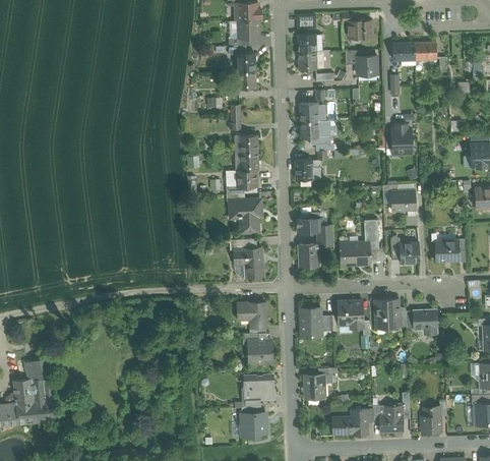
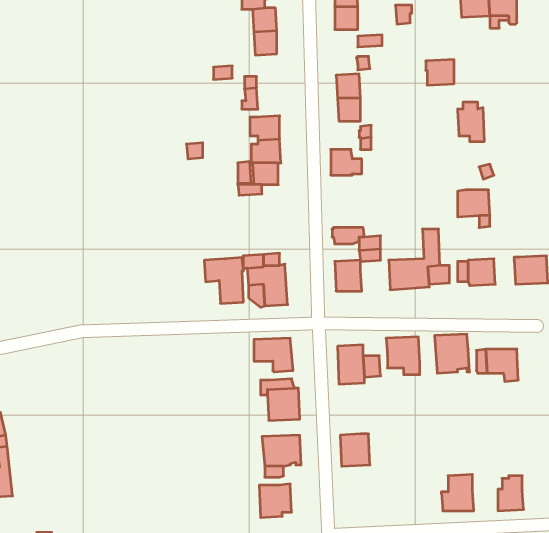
building: [356,56,377,75] -> [426,60,454,85]
building: [230,198,259,233] -> [204,258,243,303]
building: [332,409,368,436] -> none

